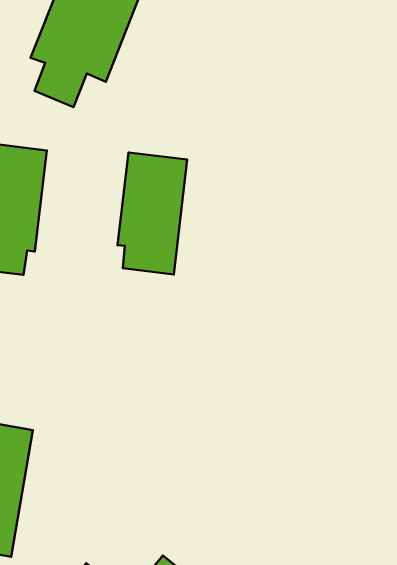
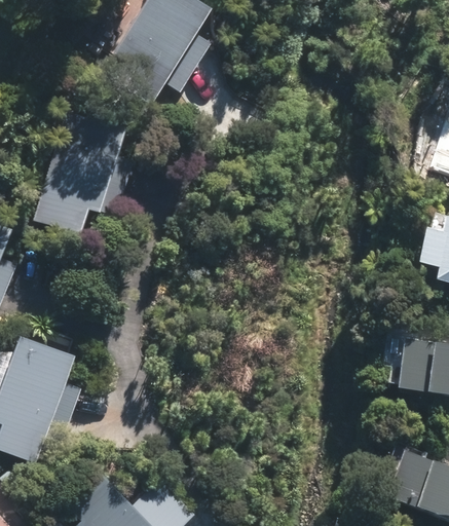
building: [117,153,187,275] -> none

